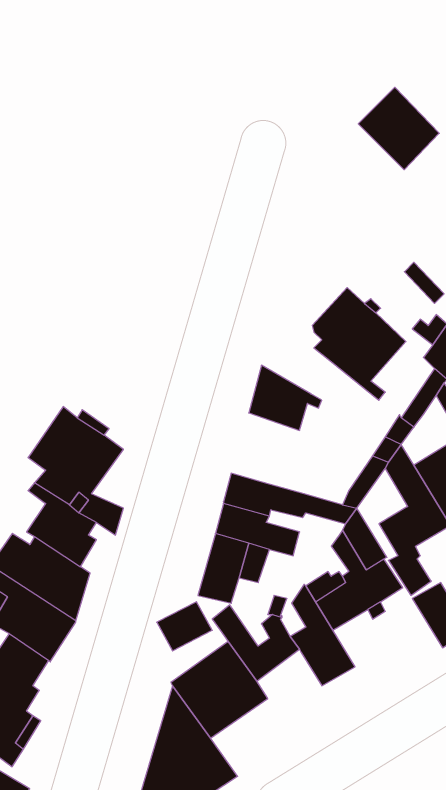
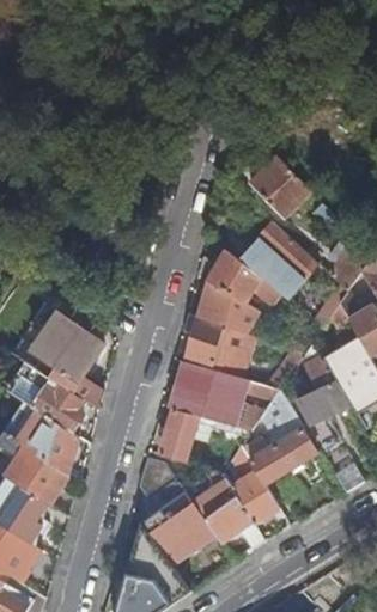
building: [358,87,439,170] -> [249,158,310,220]
building: none -> [207,251,259,304]
building: none -> [186,318,253,379]
building: none -> [203,496,263,551]

